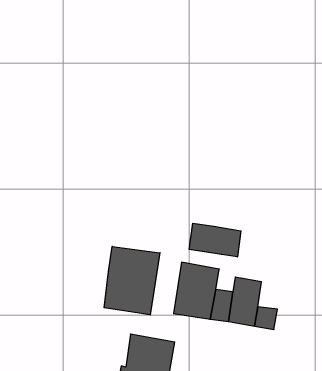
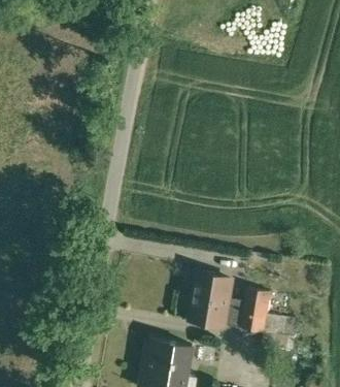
building: [189,223,241,257] -> none
building: [104,246,160,315] -> none

